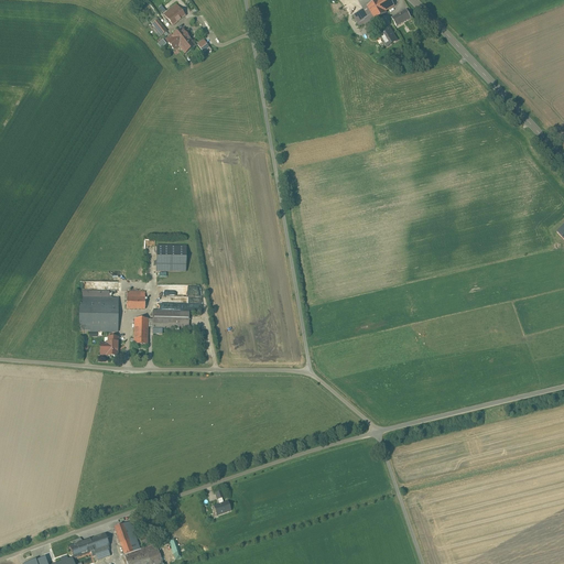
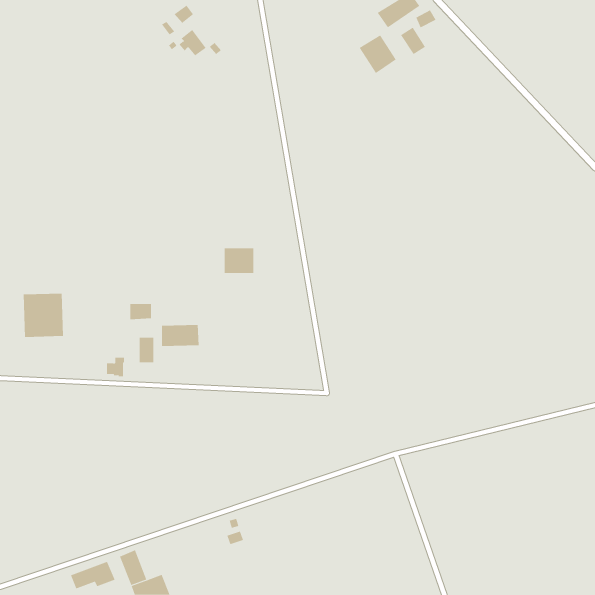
building: none -> [359,34,396,74]
building: [158,249,186,273] -> [224,248,254,273]
building: [79,289,118,330] -> [23,293,64,337]

